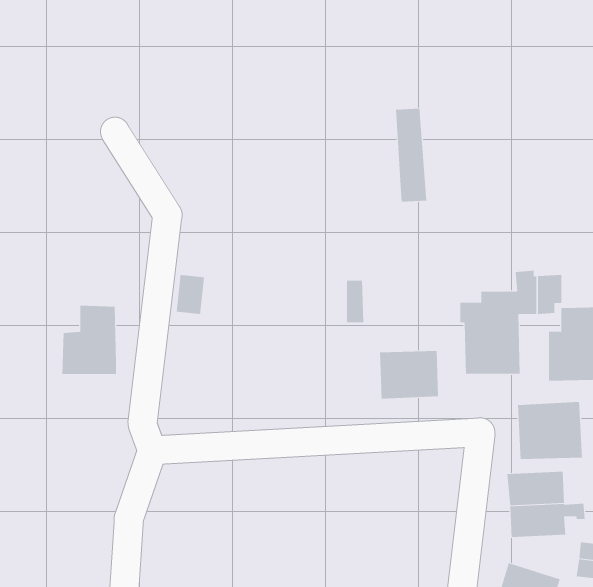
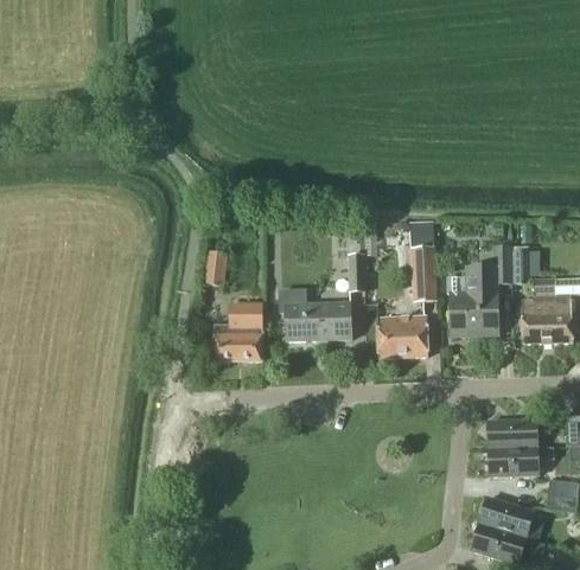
building: [395,108,427,202] -> [410,220,438,301]
building: [61,305,117,374] -> [213,301,261,360]
building: none -> [281,289,351,340]
building: [518,401,582,460] -> none

